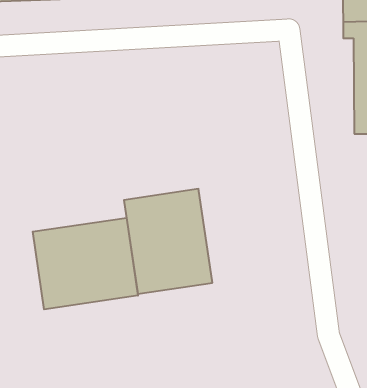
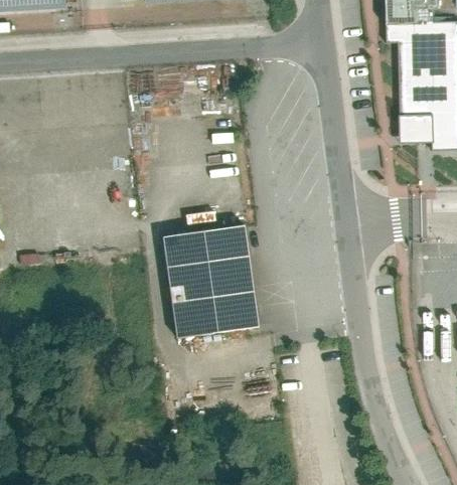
building: [33,218,138,309] -> none

